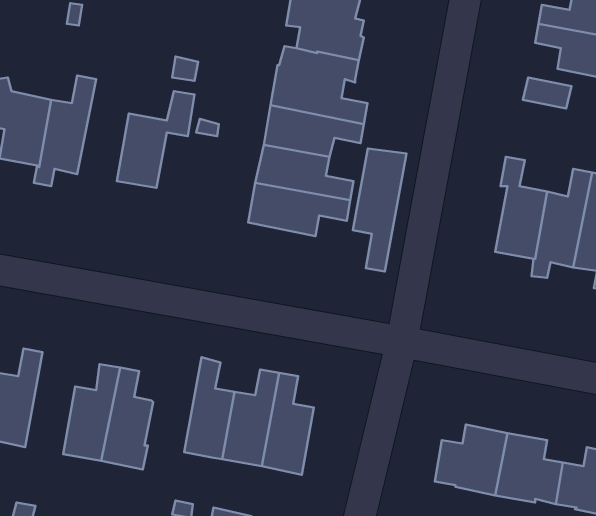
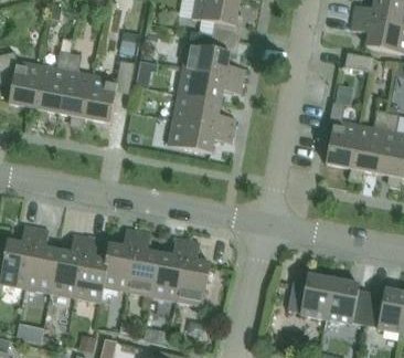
building: none -> [59,53,92,129]
building: [353,148,406,272] -> none
building: none -> [25,228,57,293]
building: none -> [102,229,138,292]

